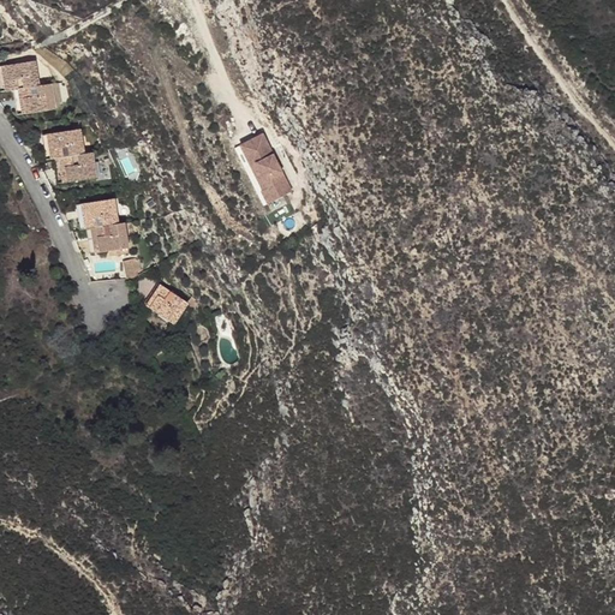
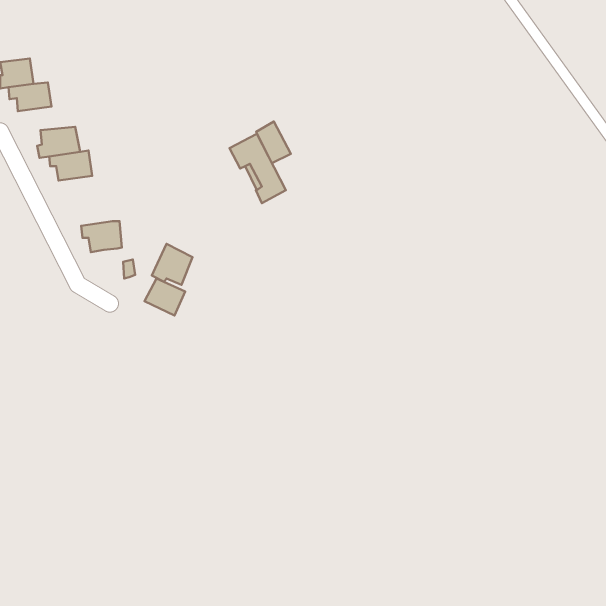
building: none -> [256,121,291,163]
building: [77,198,118,228] -> none
building: none -> [152,244,193,285]

